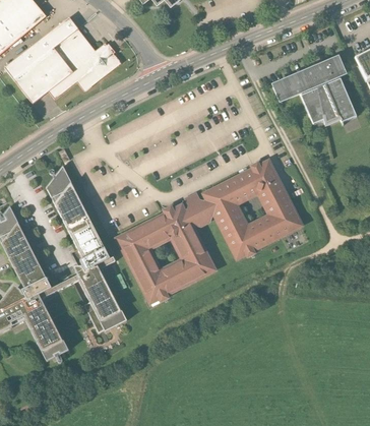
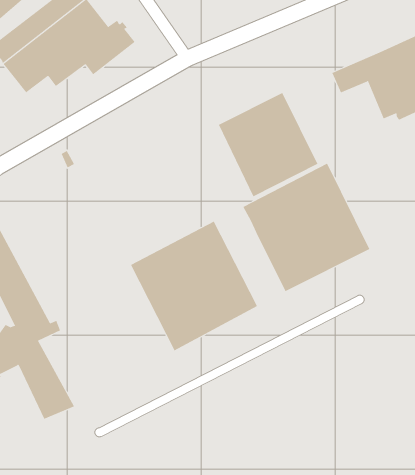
building: none -> [218,92,318,197]
building: [44,165,127,332] -> none
building: [186,195,212,224] -> none

